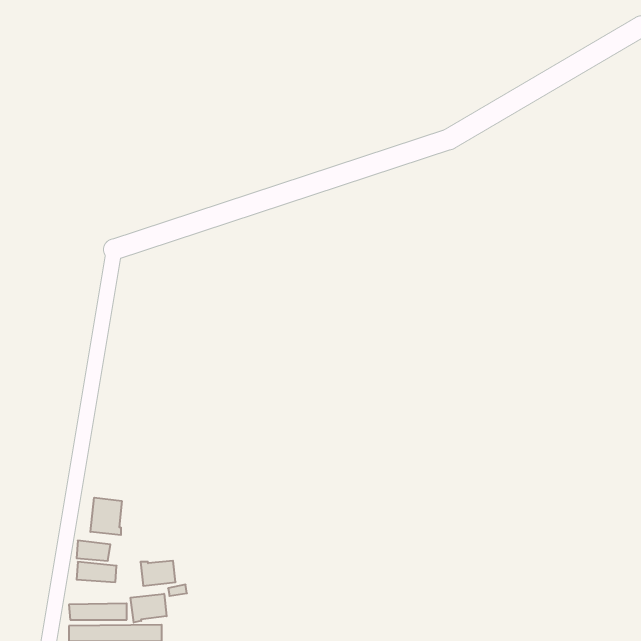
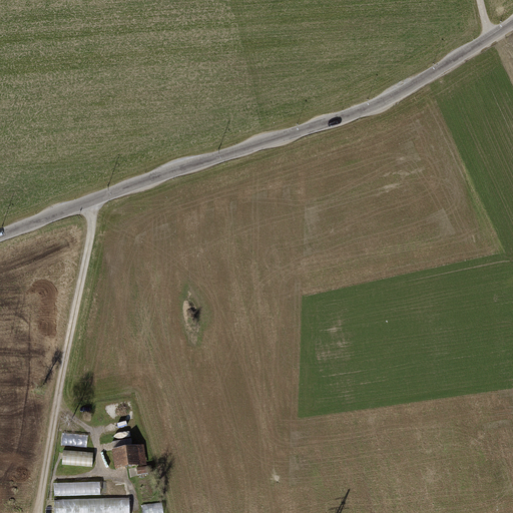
building: [90,498,122,535] -> none
building: [131,594,167,623] -> none

